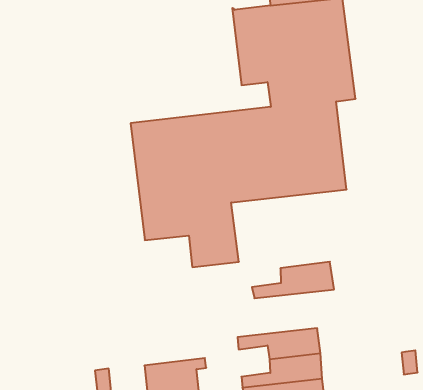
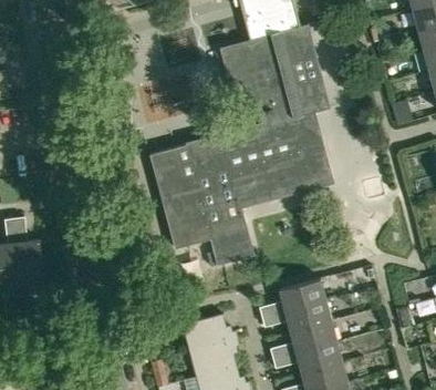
building: [252,262,334,298] -> [259,278,326,317]
building: none -> [183,314,238,351]

